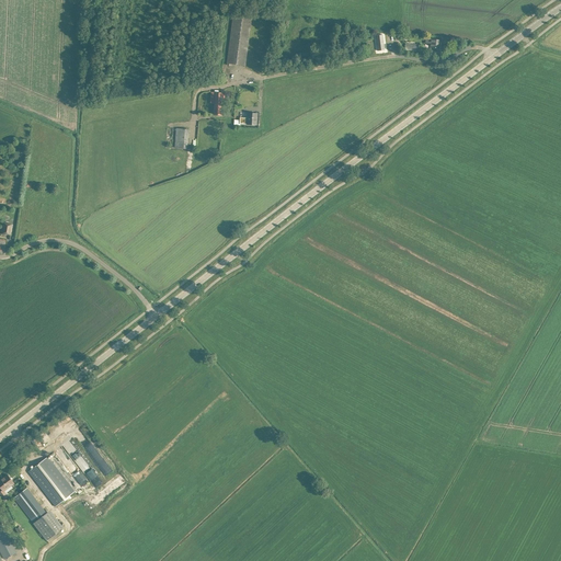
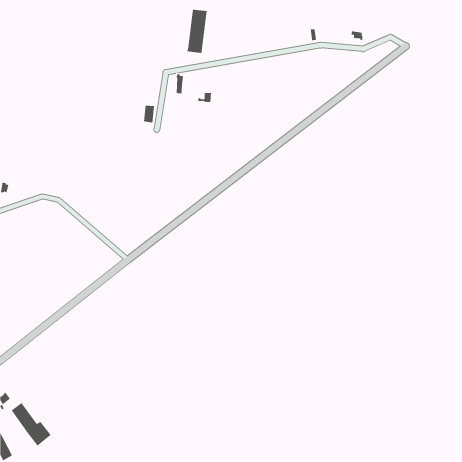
building: [27,456,75,505] -> none

